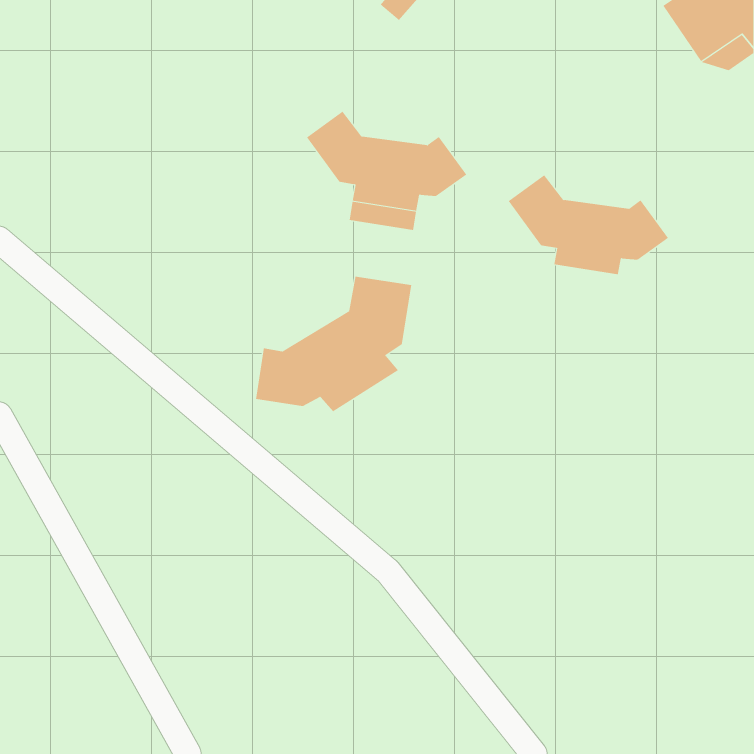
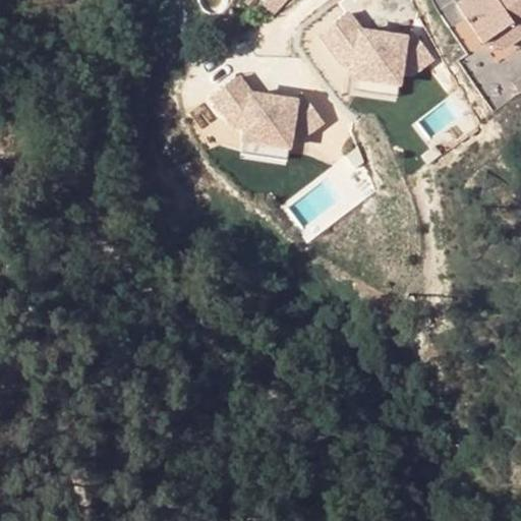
building: [508,174,669,275] -> [321,13,431,82]
building: [255,276,412,412] -> none

